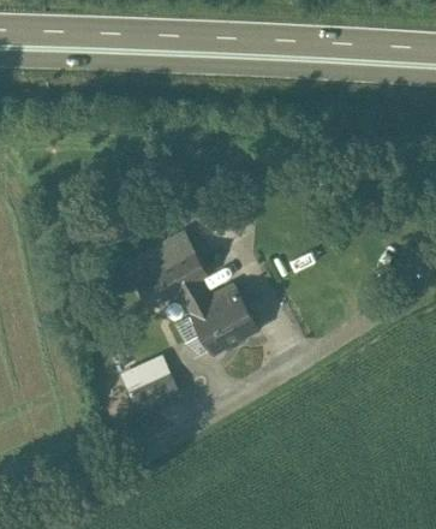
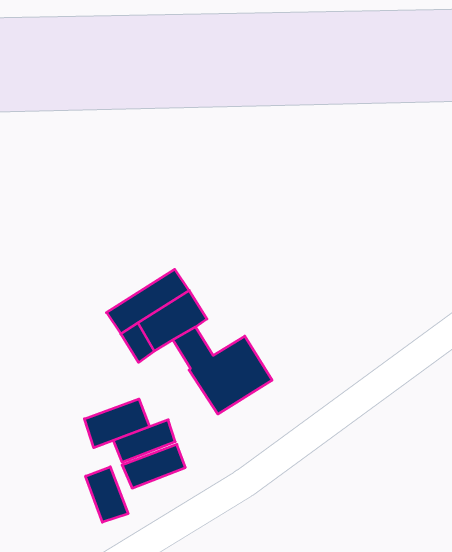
building: none -> [84,399,149,448]
building: none -> [86,467,128,522]

